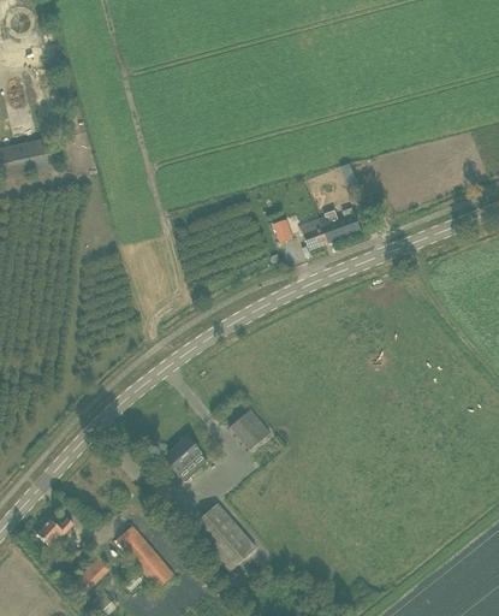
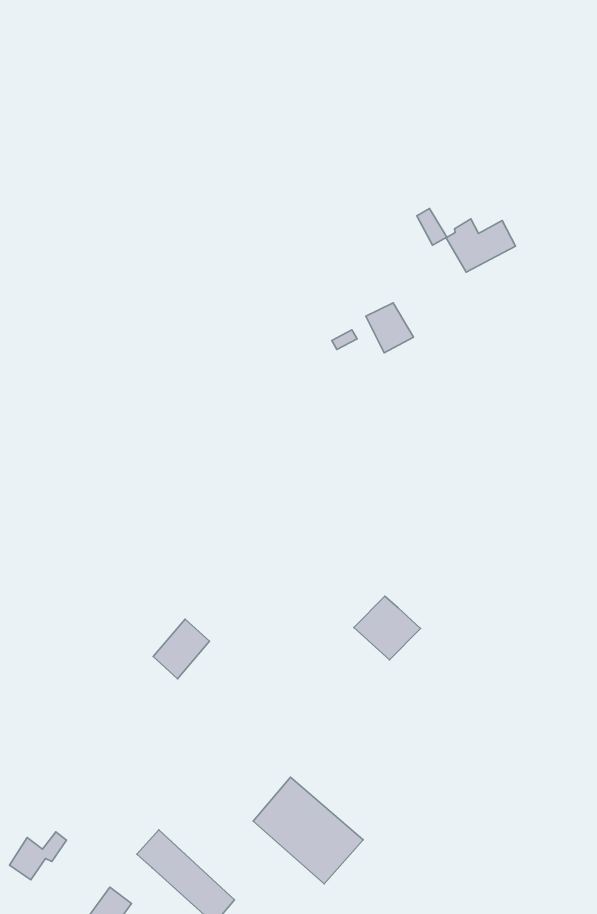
building: [320,209,362,242] -> [446,219,515,272]
building: [230,409,271,449] -> [354,596,420,660]
building: [165,437,201,473] -> [153,619,210,679]

